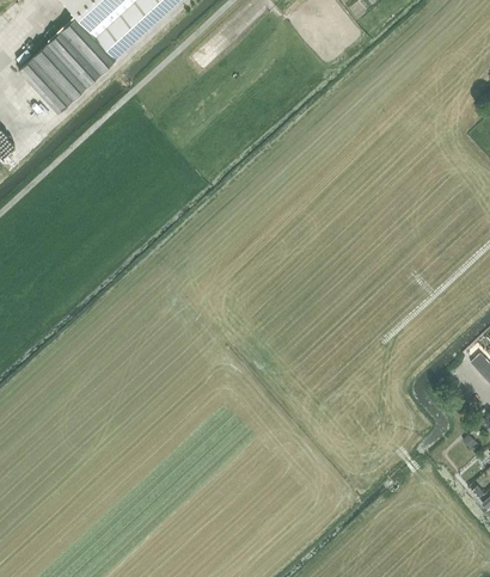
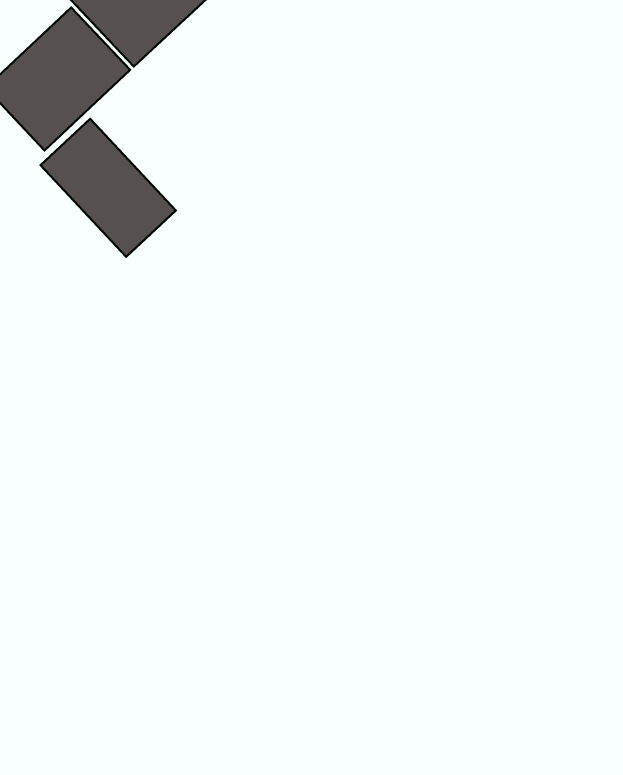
building: none -> [40,119,176,257]

